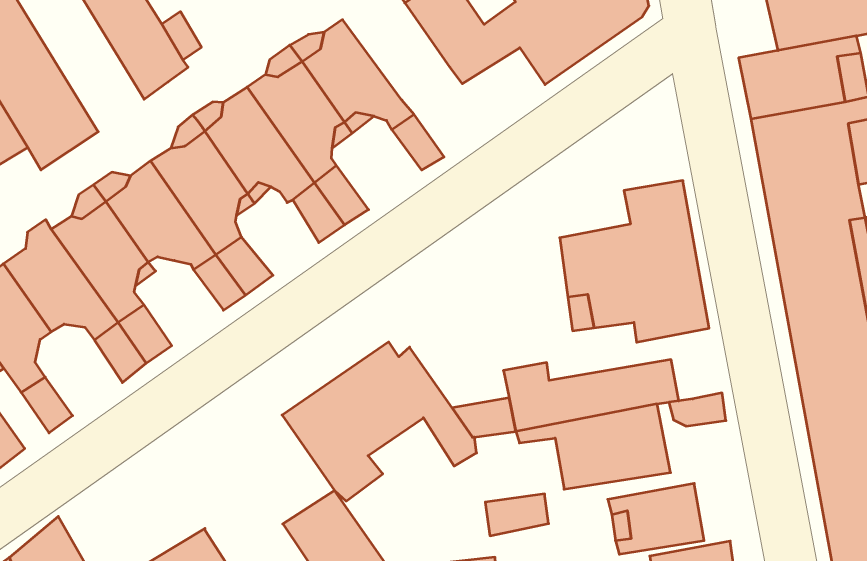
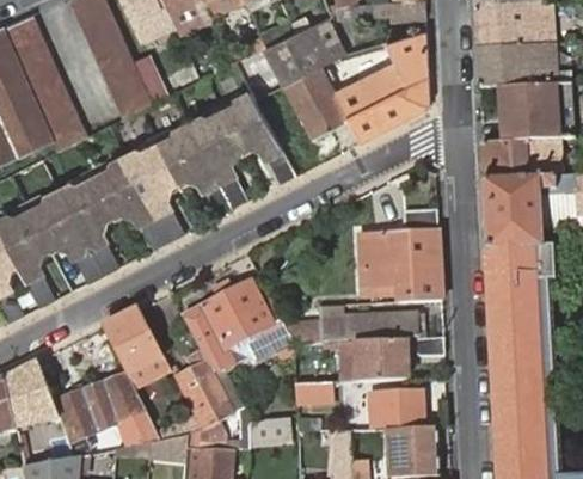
building: none -> [103,313,162,380]

